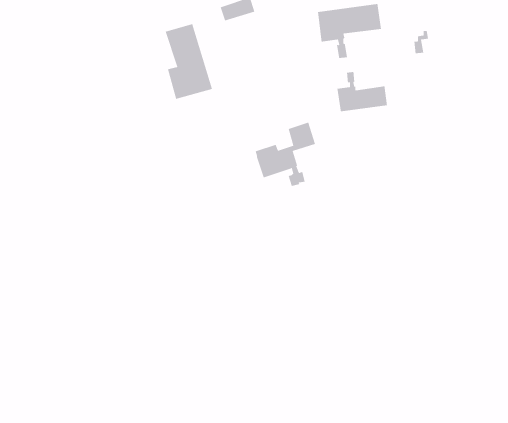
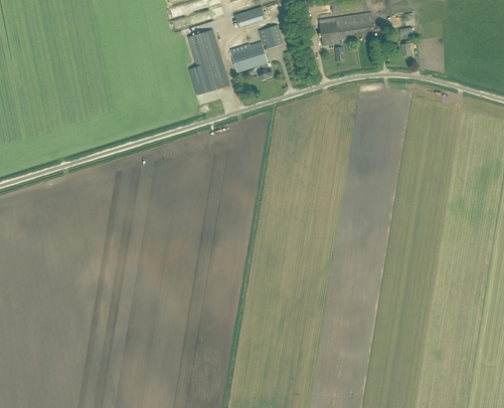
building: [337,71,387,112] -> none
building: [255,122,316,186] -> [229,24,282,79]

